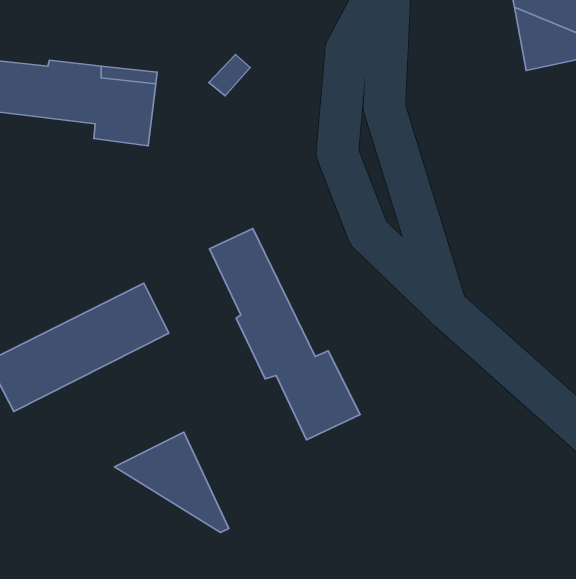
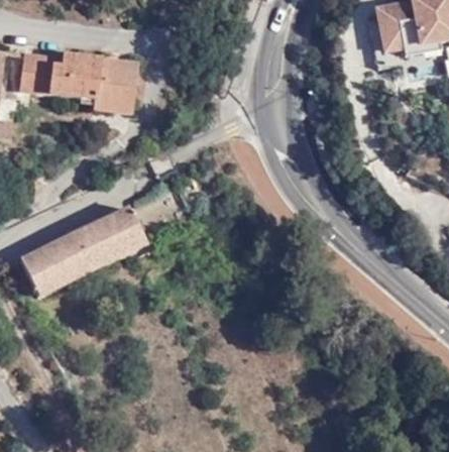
building: [209,228,360,440] -> none
building: [114,432,229,532] -> none

